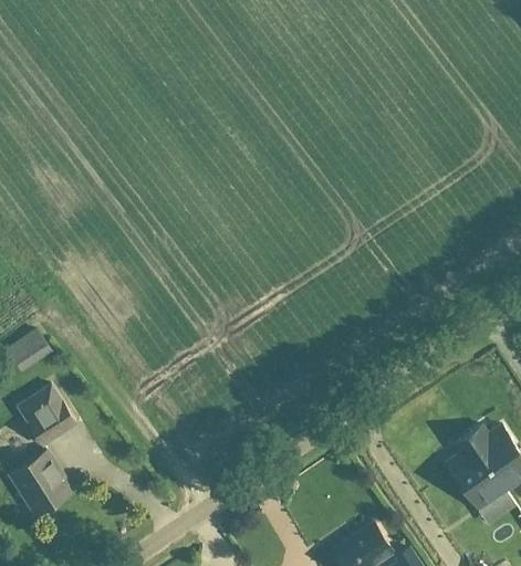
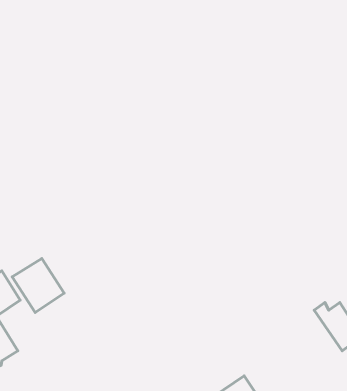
building: none -> [12,259,64,312]
building: [446,438,504,511] -> none

